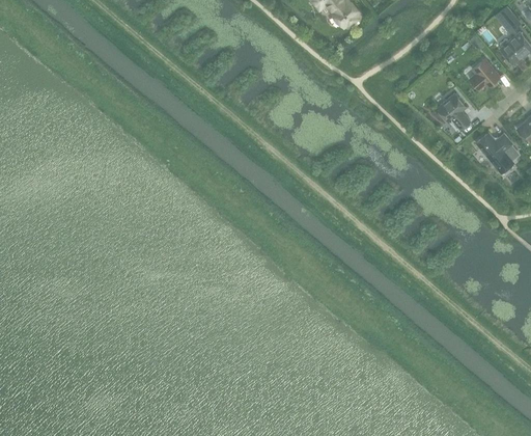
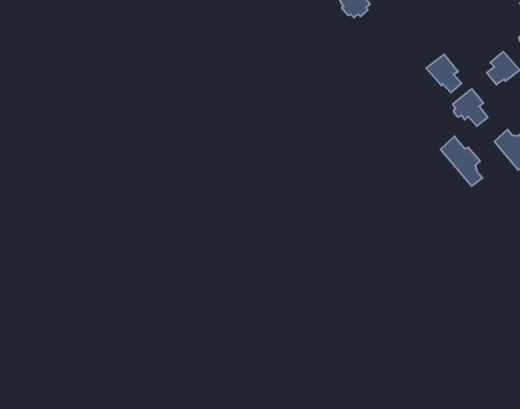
building: none -> [426,54,462,93]
building: none -> [441,136,483,186]

